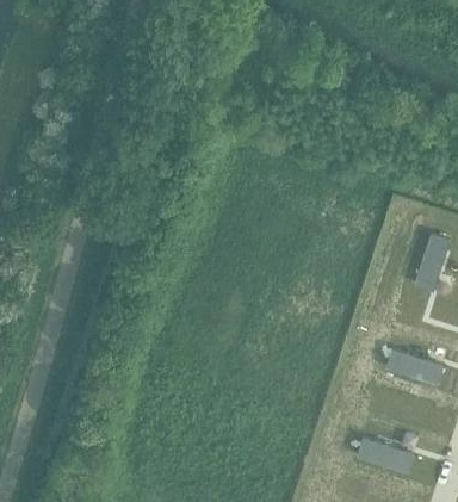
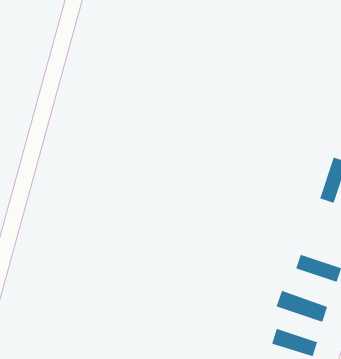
building: none -> [276,290,328,323]

